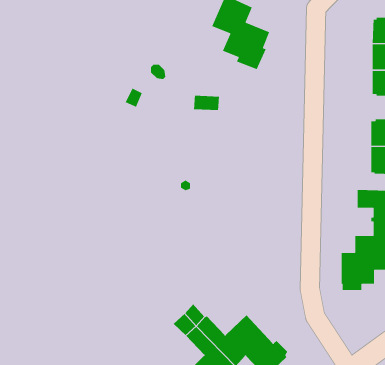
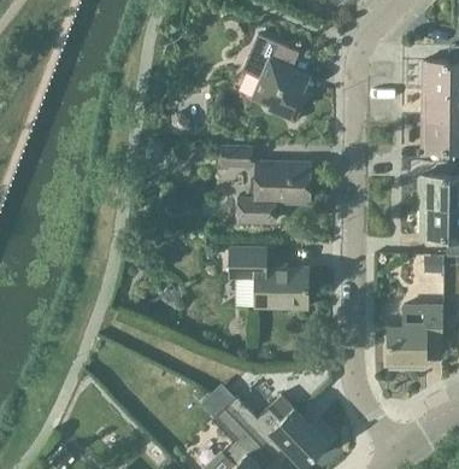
building: none -> [239,164,310,222]
building: none -> [229,247,307,309]

